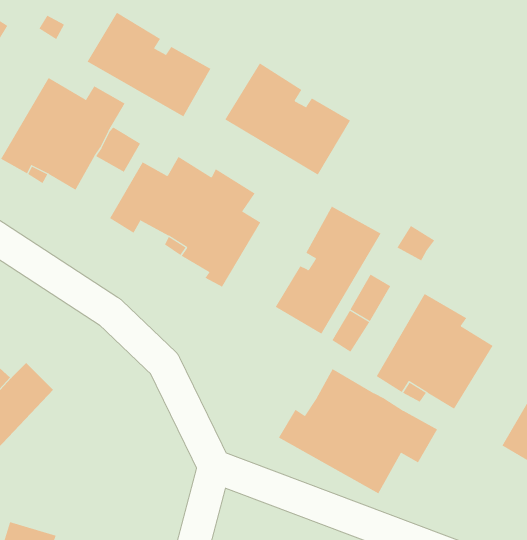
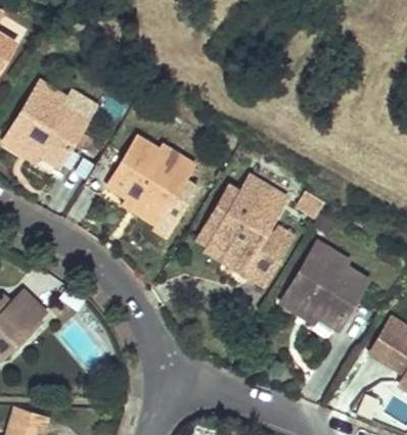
building: [87,12,211,117] -> none
building: [224,63,351,176] -> none
building: [278,368,438,494] -> none

